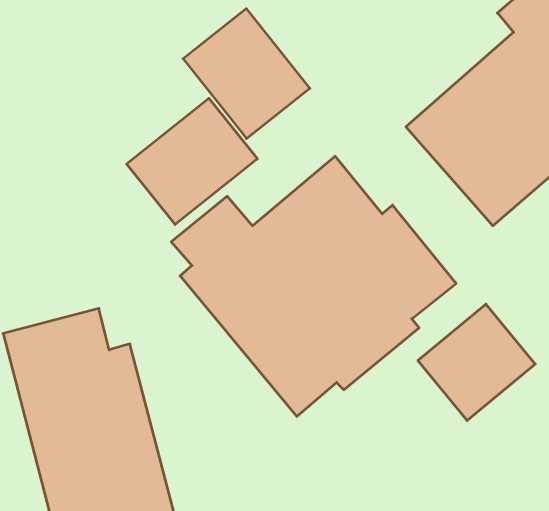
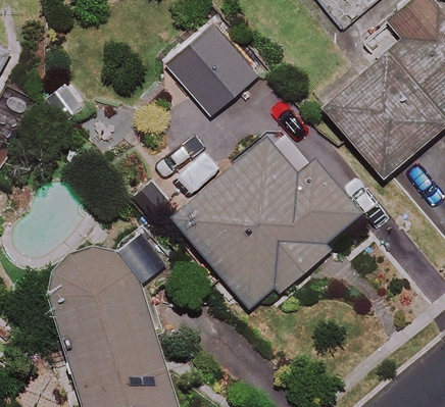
building: [127,98,257,225] -> none
building: [418,304,535,421] -> none

